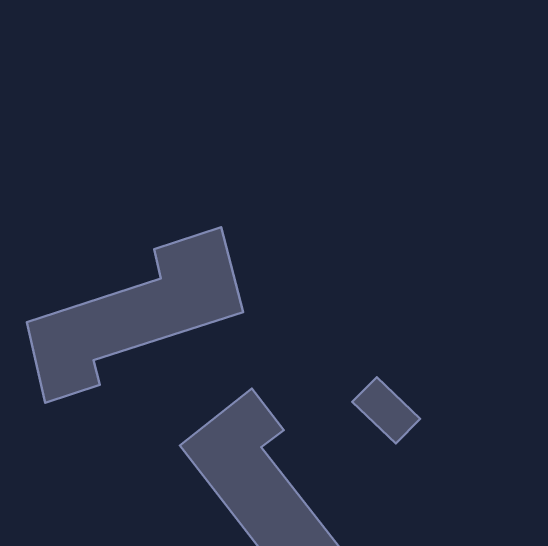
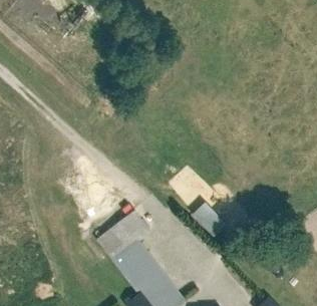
building: [27,227,243,403] -> none

